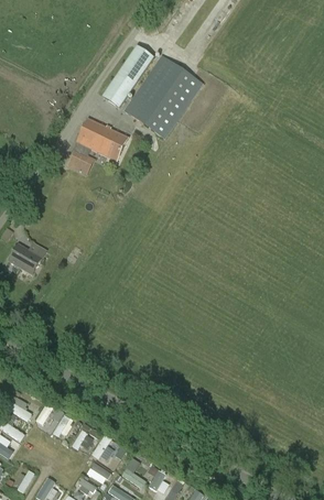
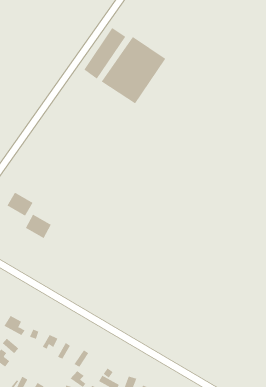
building: [68,119,128,171] -> none
building: none -> [25,214,52,239]

